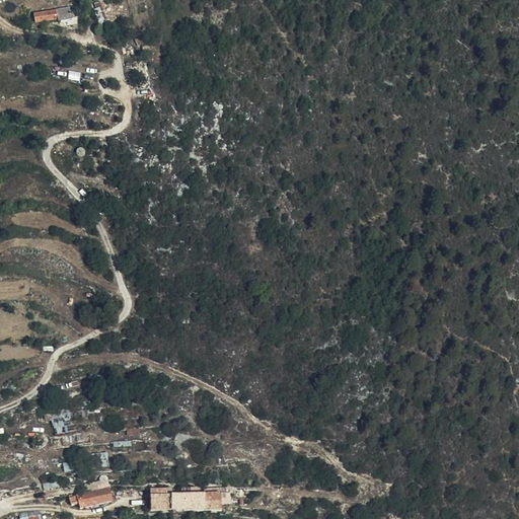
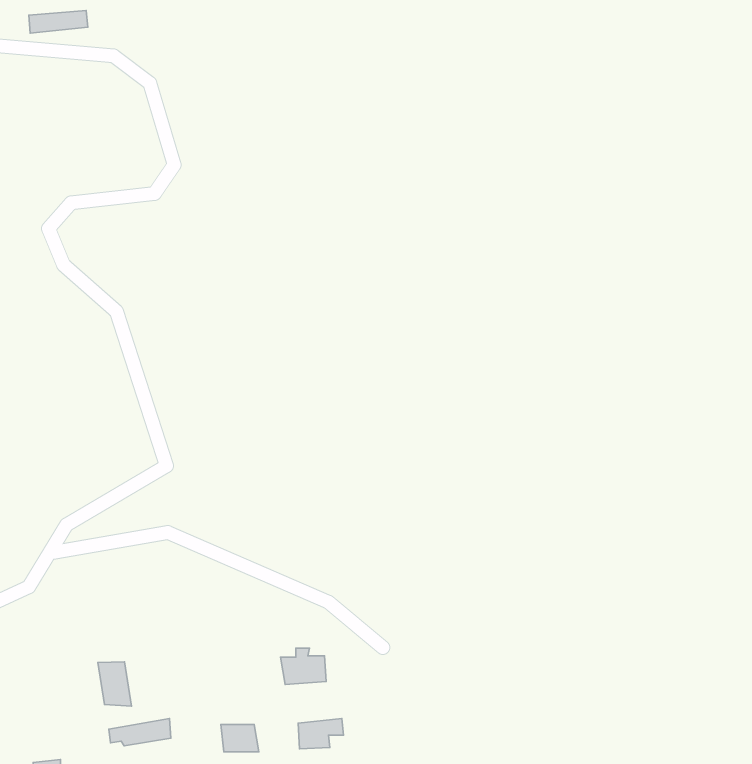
building: none -> [98,662,132,706]
building: [170,486,201,510] -> [281,648,326,685]

